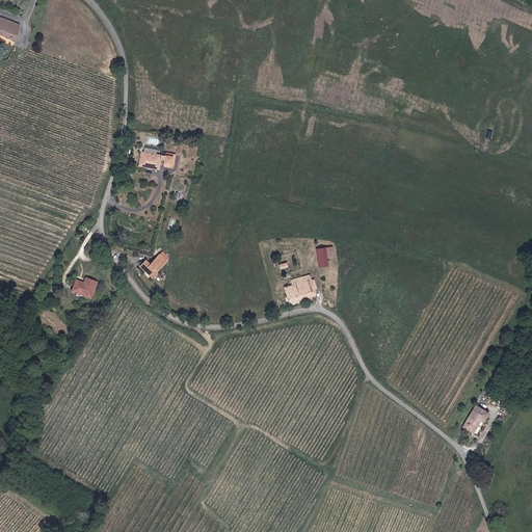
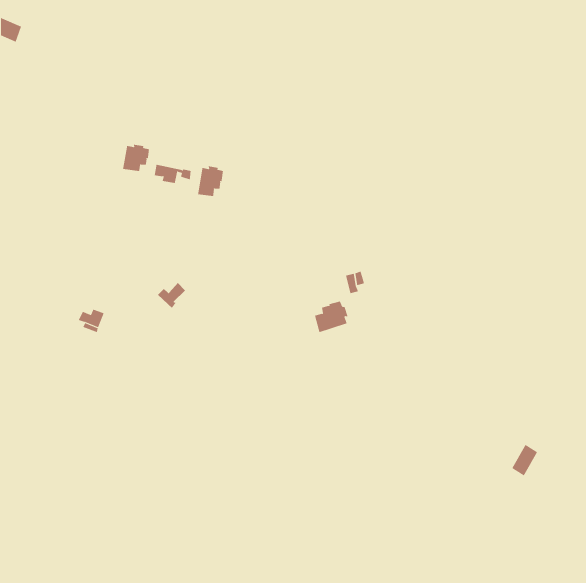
building: none -> [123,144,150,172]
building: none -> [197,165,224,197]

